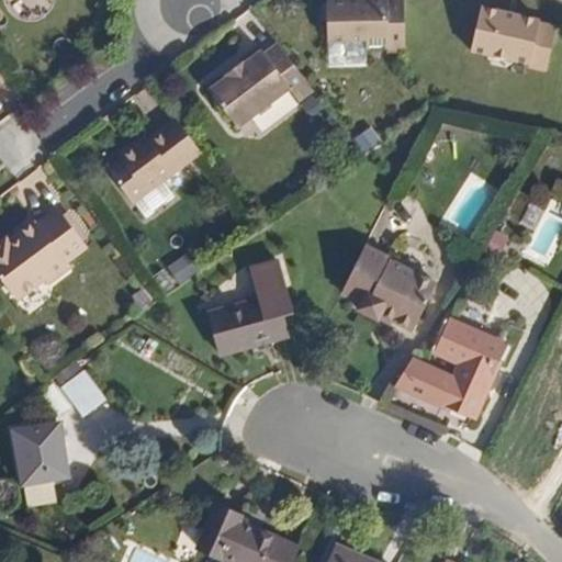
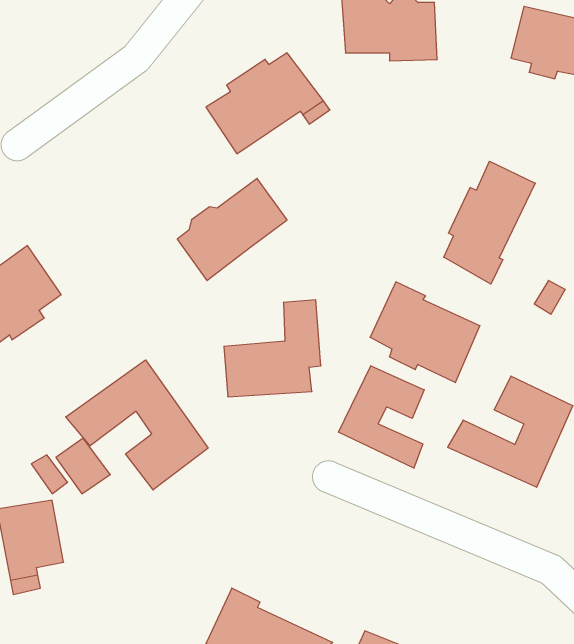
building: [100,122,193,209] -> [177,178,287,281]
building: none -> [444,161,535,284]
building: none -> [66,360,208,490]
building: none -> [339,366,424,468]

